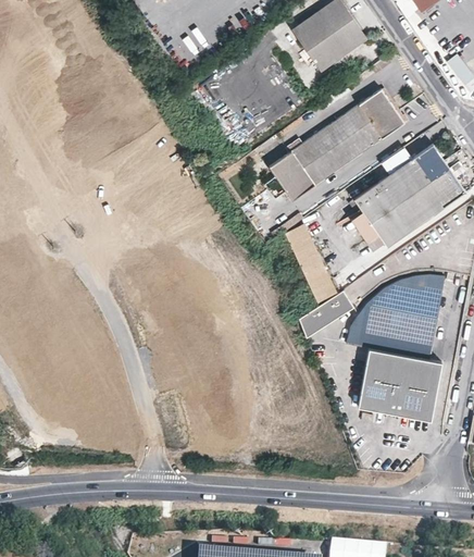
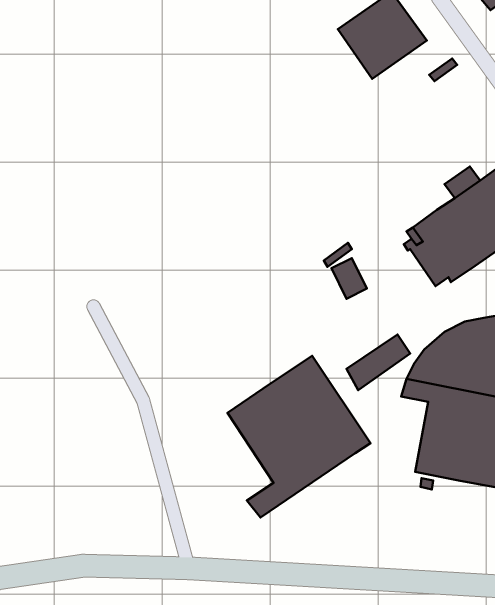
building: [269,89,404,201] -> none
building: [299,251,336,299] -> none
building: none -> [228,356,370,518]

